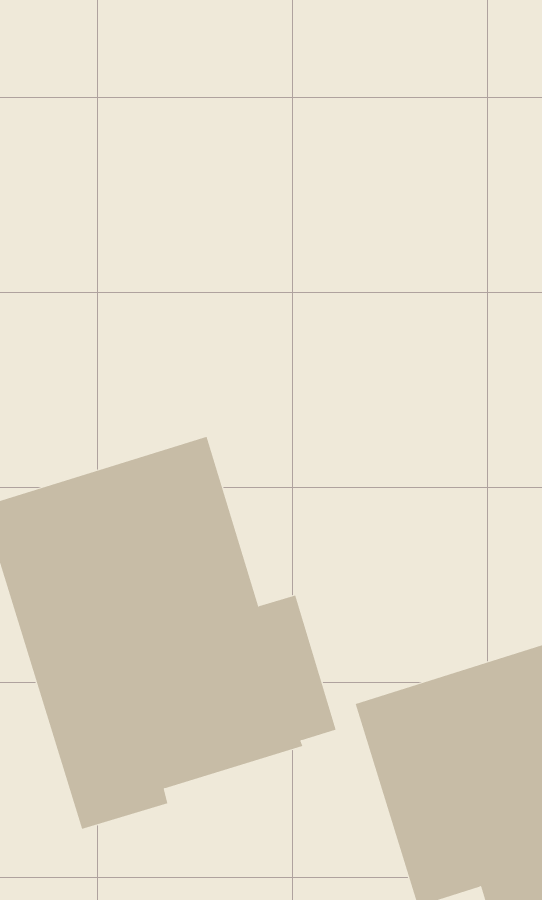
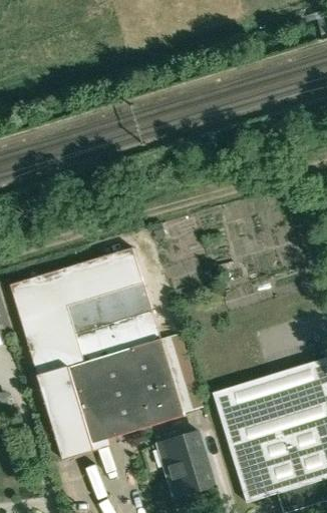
building: none -> [161,434,213,494]

